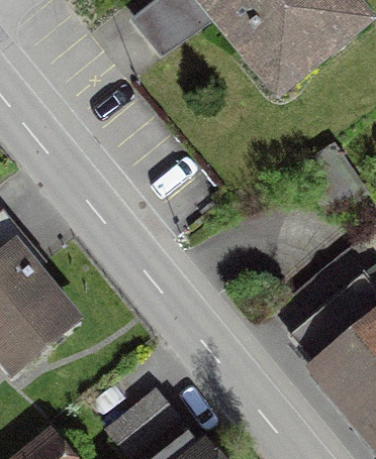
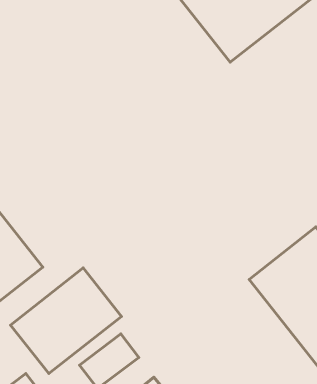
building: none -> [11,268,122,374]

